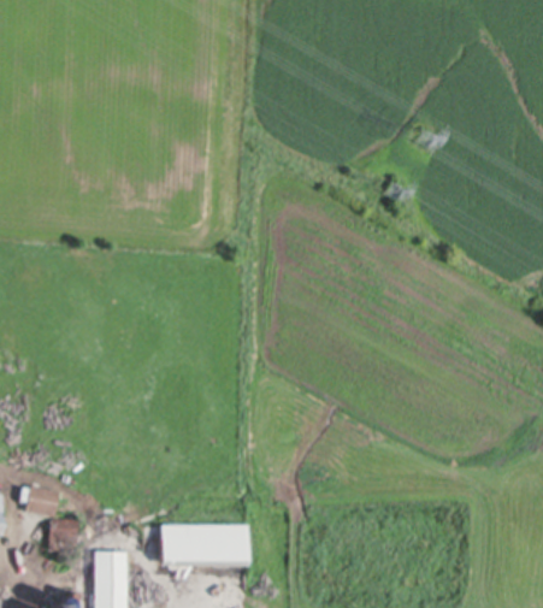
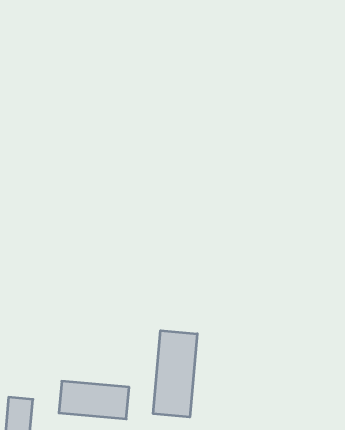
building: none -> [153,331,197,417]

